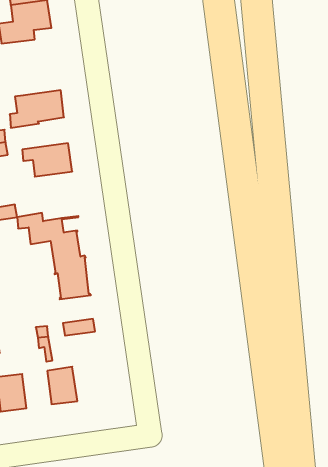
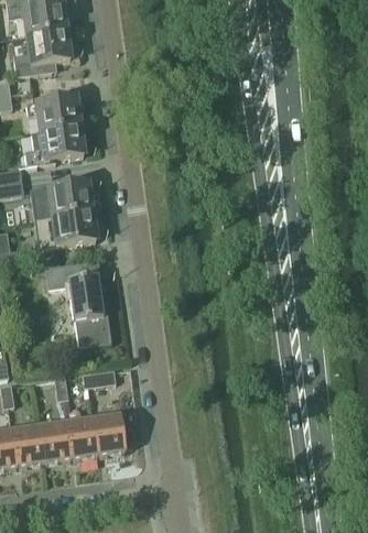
building: none -> [28,97,80,131]
building: none -> [46,211,96,247]
building: none -> [93,415,127,455]
building: none -> [40,423,71,463]

